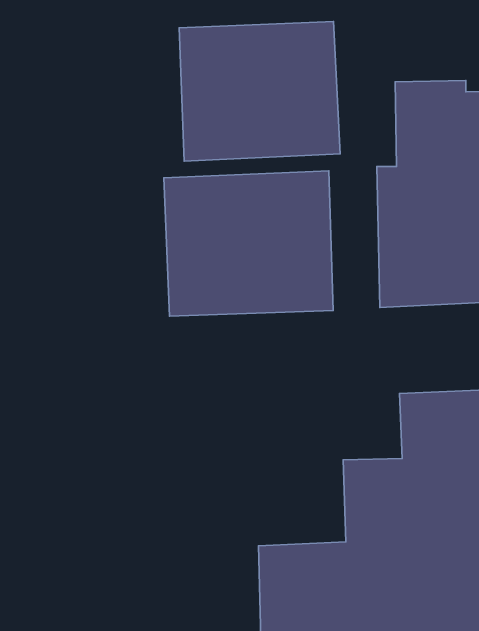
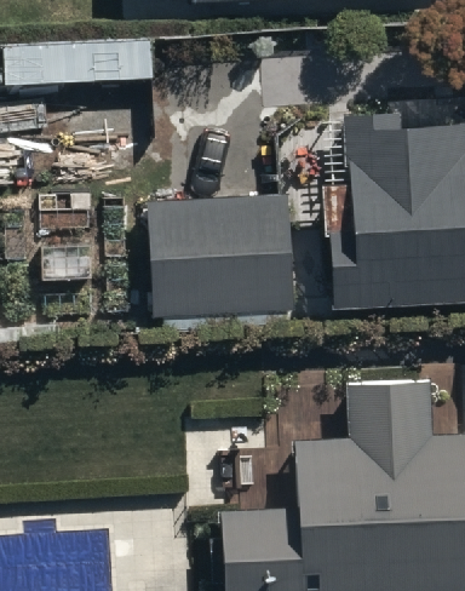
building: [179,21,340,161] -> none

